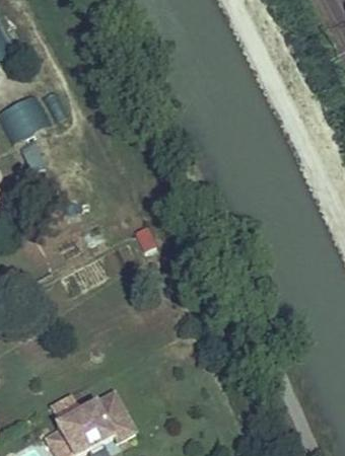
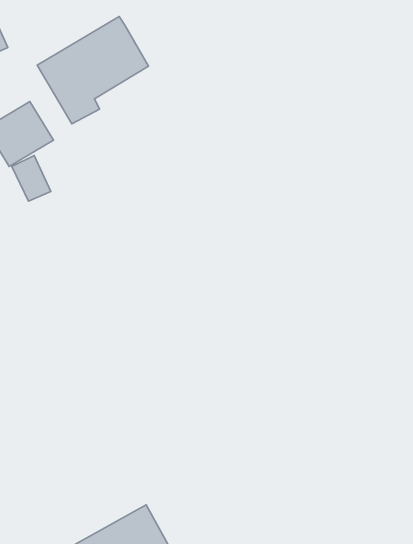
building: none -> [37,16,148,124]

